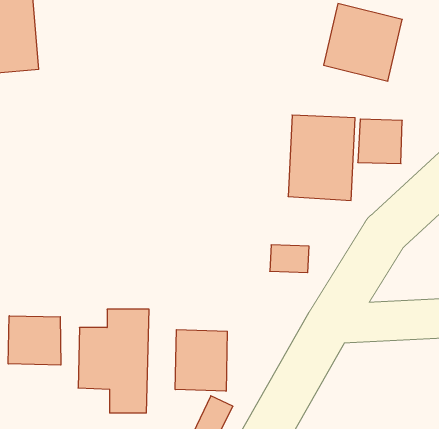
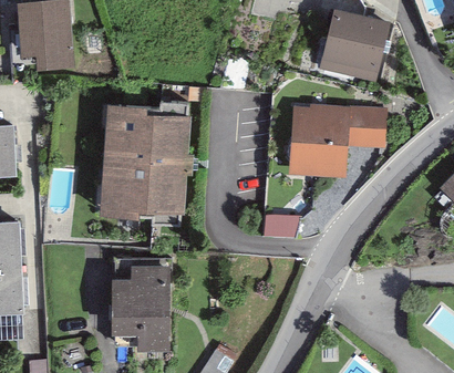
building: none -> [92,104,186,222]
building: [8,316,61,365] -> none
building: [175,330,227,391] -> none

